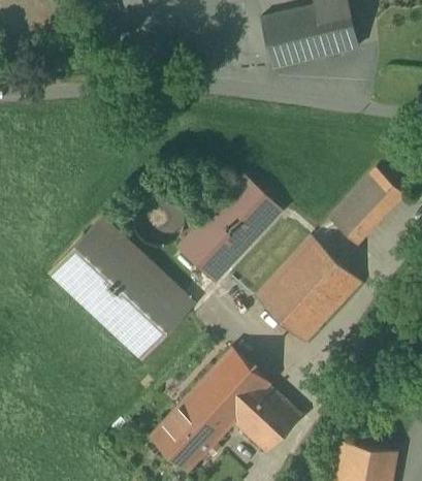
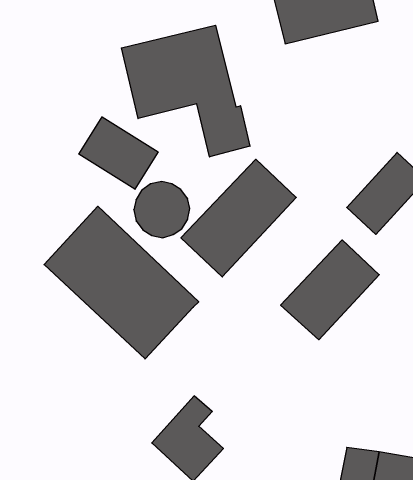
building: none -> [121,25,250,157]
building: none -> [79,117,158,189]
building: [258,236,326,308] -> none
building: [190,346,302,451] -> none

